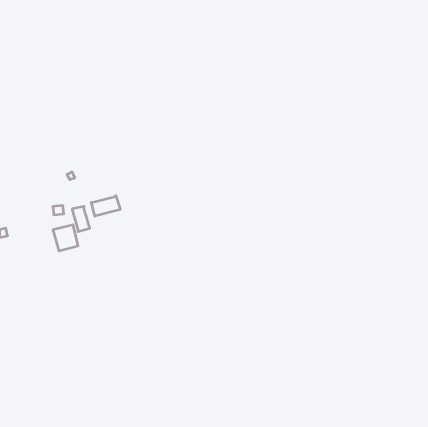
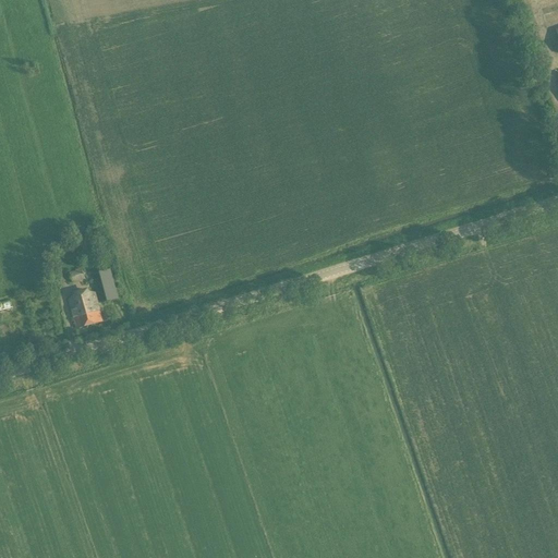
building: [91,196,120,216] -> none

